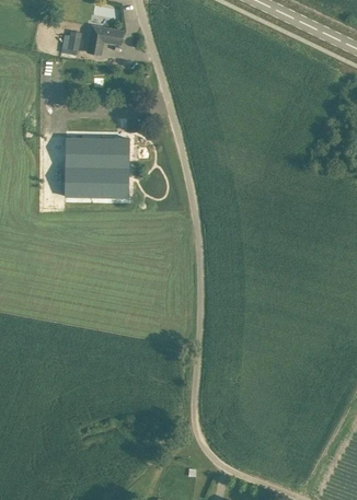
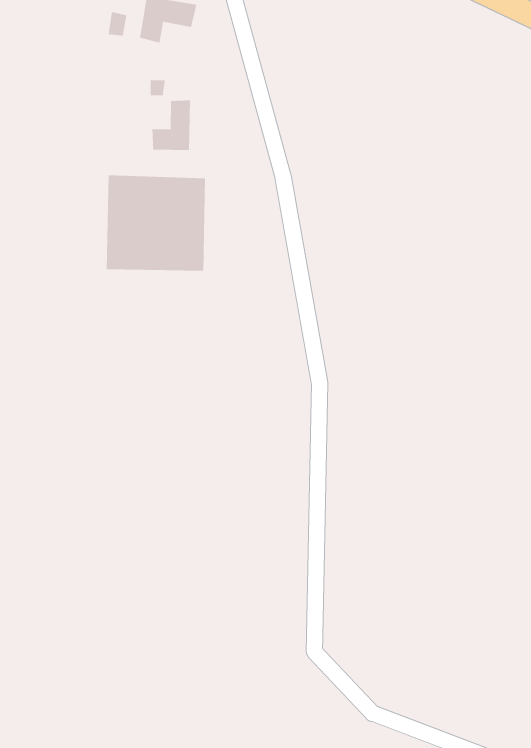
building: none -> [152,100,190,151]

